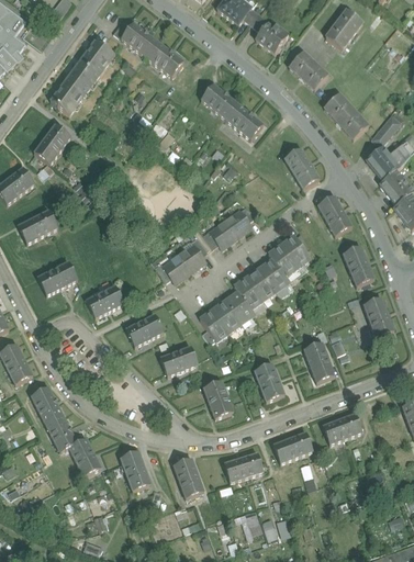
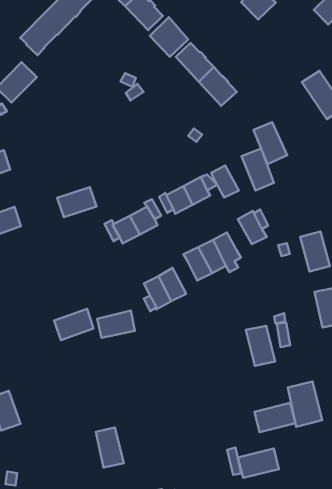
building: [290,50,328,89] -> none
building: none -> [150,17,188,57]
building: [317,194,351,235] -> [242,149,274,191]
building: [269,244,298,274] -> [211,165,239,198]
building: [86,284,124,316] -> [57,187,96,217]
building: [225,290,254,322] -> none
building: [125,313,164,346] -> [54,309,94,340]
building: [254,362,284,401] -> none
building: [203,380,233,417] -> none
building: none -> [288,381,322,427]
building: [272,430,313,462] -> [238,449,279,478]
building: [120,450,150,490] -> none
building: [224,451,264,481] -> none

